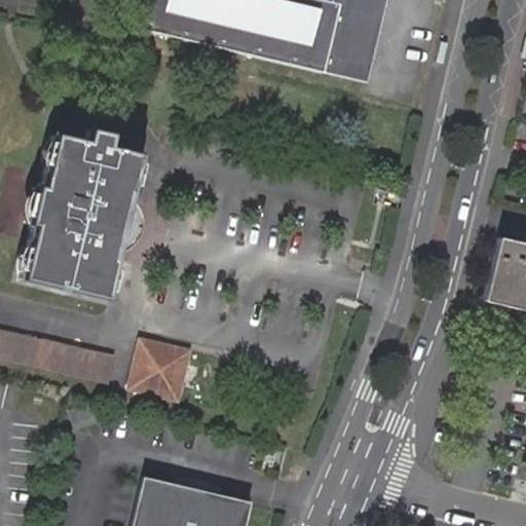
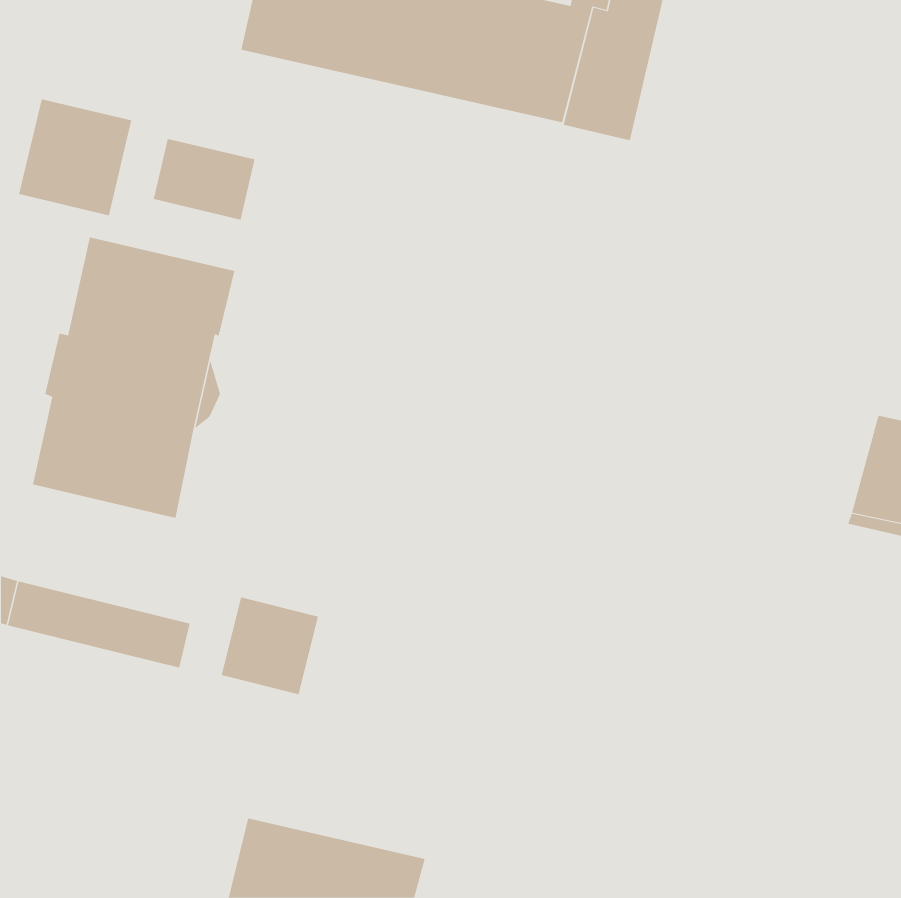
building: none -> [19,98,132,216]
building: none -> [153,138,255,220]

